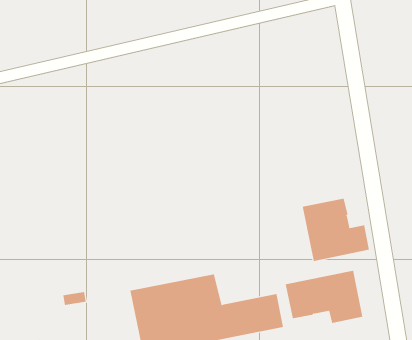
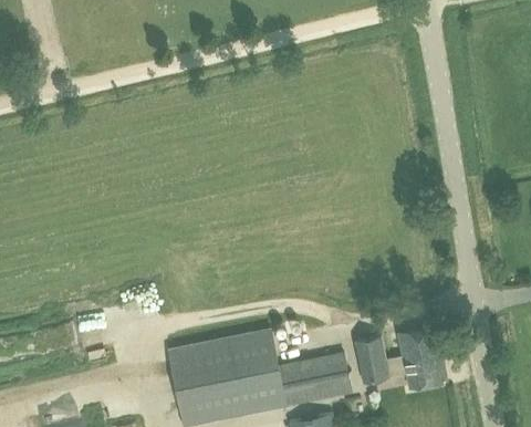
building: [302,198,370,262] -> none

